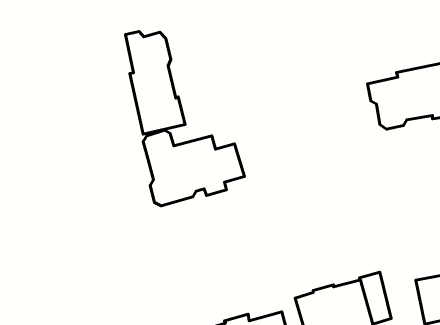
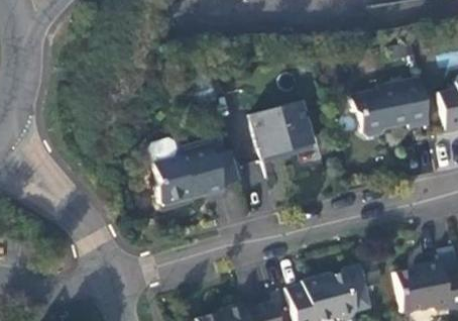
building: [126,31,185,134] -> none
building: none -> [253,101,314,158]

